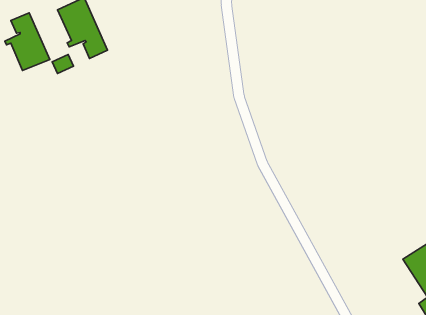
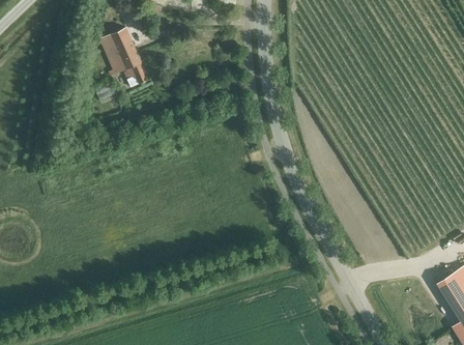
building: [5,13,50,71] -> none

